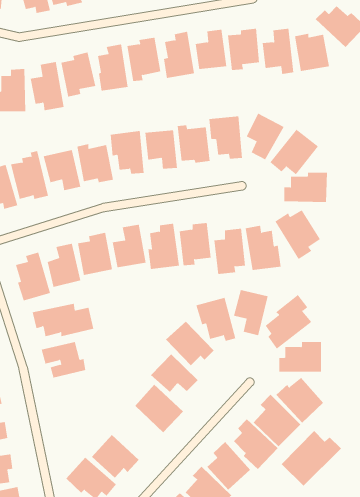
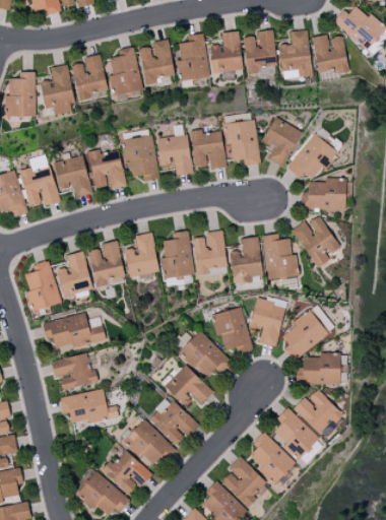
building: none -> [59,388,119,424]
building: none -> [123,418,174,469]
building: [281,430,342,487] -> none

